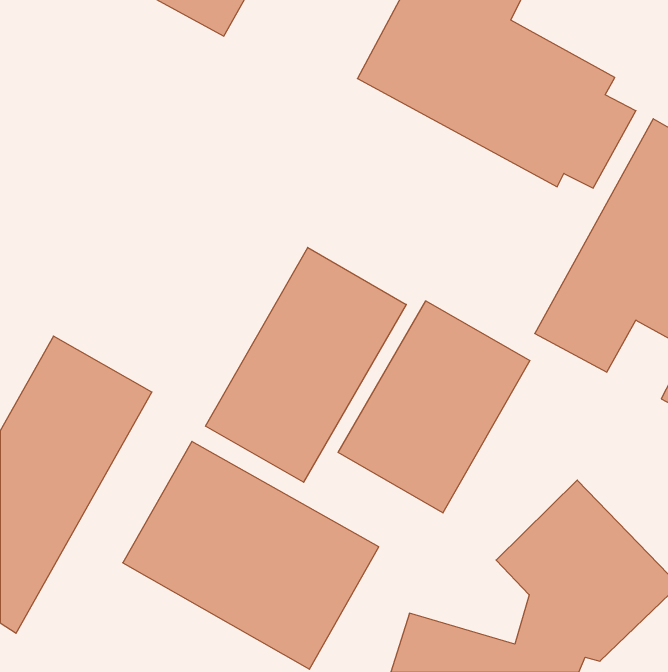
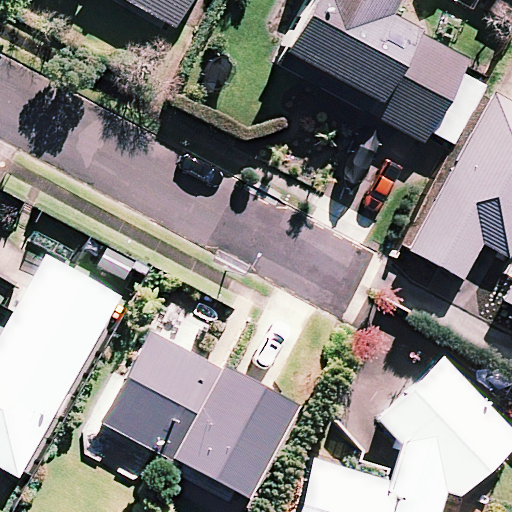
building: [206,247,406,482] -> none
building: [338,301,530,513] -> none

